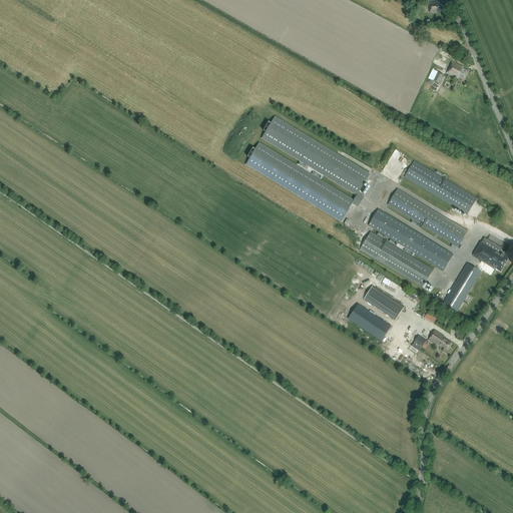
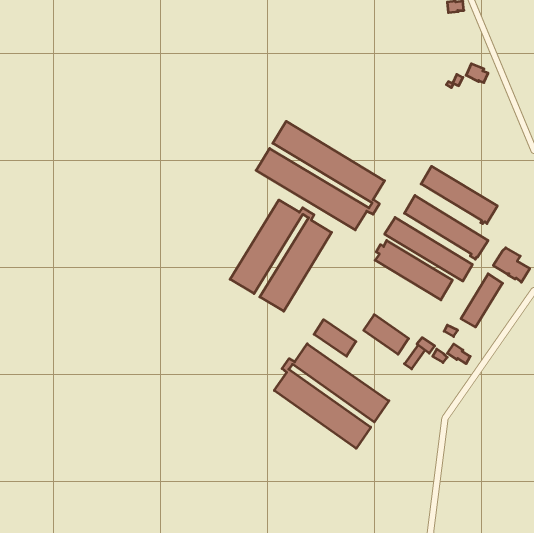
building: none -> [230,200,332,311]
building: [364,285,404,320] -> [314,320,356,356]
building: none -> [274,344,389,448]

